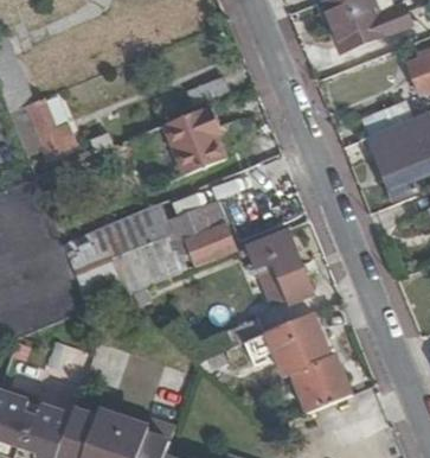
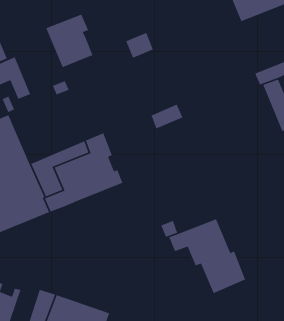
building: [161,104,225,177] -> [45,14,94,68]
building: [167,195,235,260] -> none
building: [248,227,310,300] -> none

